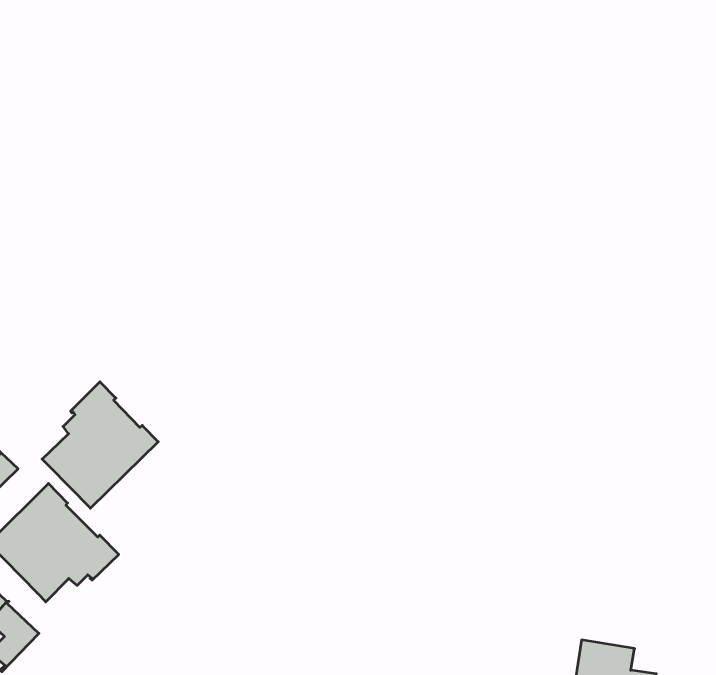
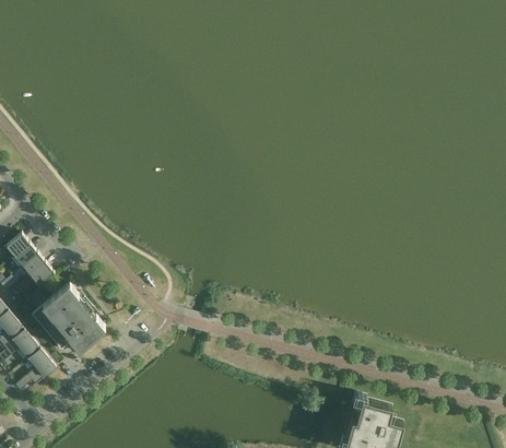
building: [42,382,158,508] -> none

